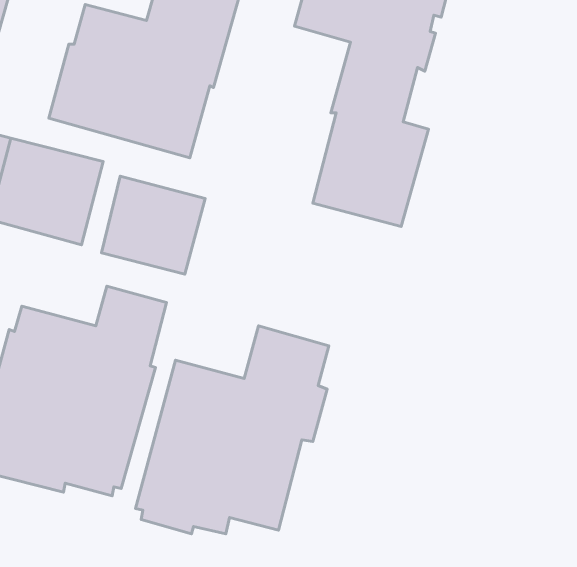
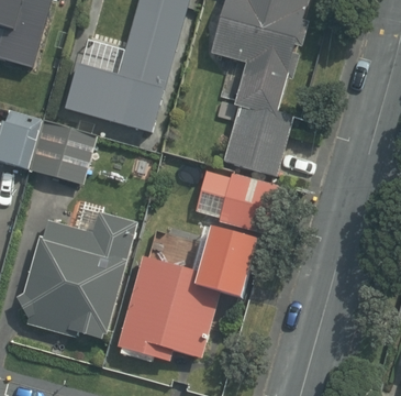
building: [101,176,205,274] -> none
building: none -> [218,172,279,234]

